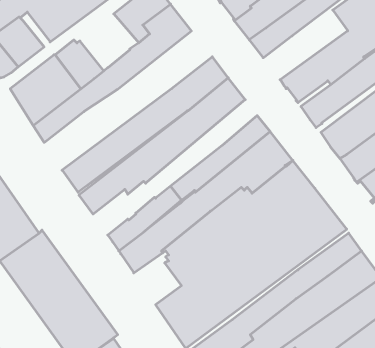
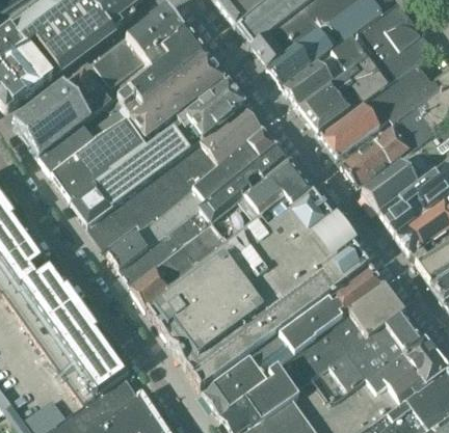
building: none -> [292,44,378,116]
building: none -> [99,48,160,107]
building: none -> [61,65,237,211]
building: none -> [114,137,284,278]
building: none -> [158,301,205,351]

